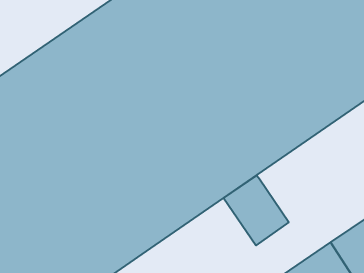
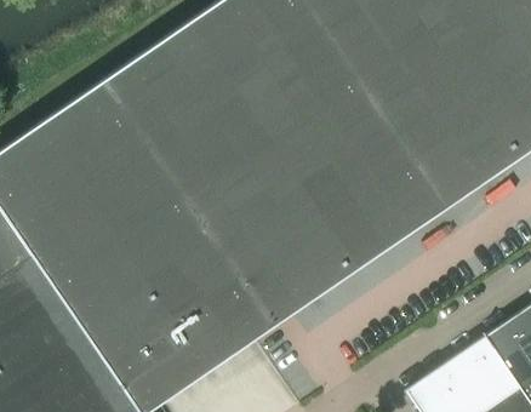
building: [223,176,289,245] -> none

